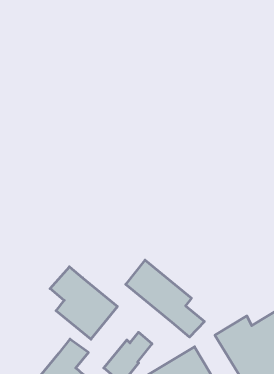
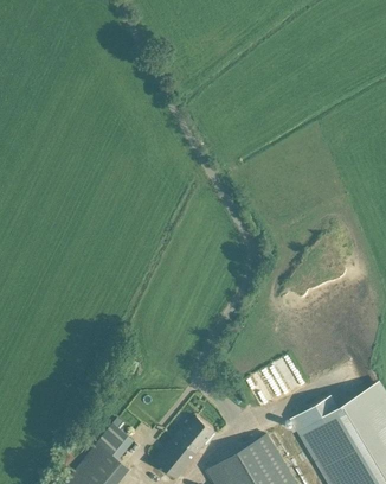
building: [126,260,204,337] -> none
building: [50,267,117,339] -> none

